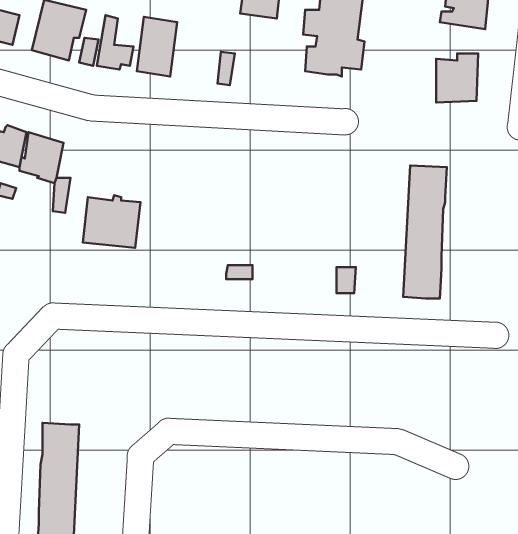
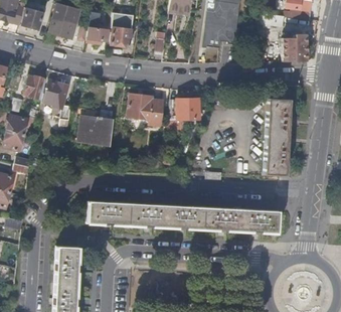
building: none -> [128,95,164,126]
building: none -> [170,99,200,120]
building: none -> [87,201,278,232]

